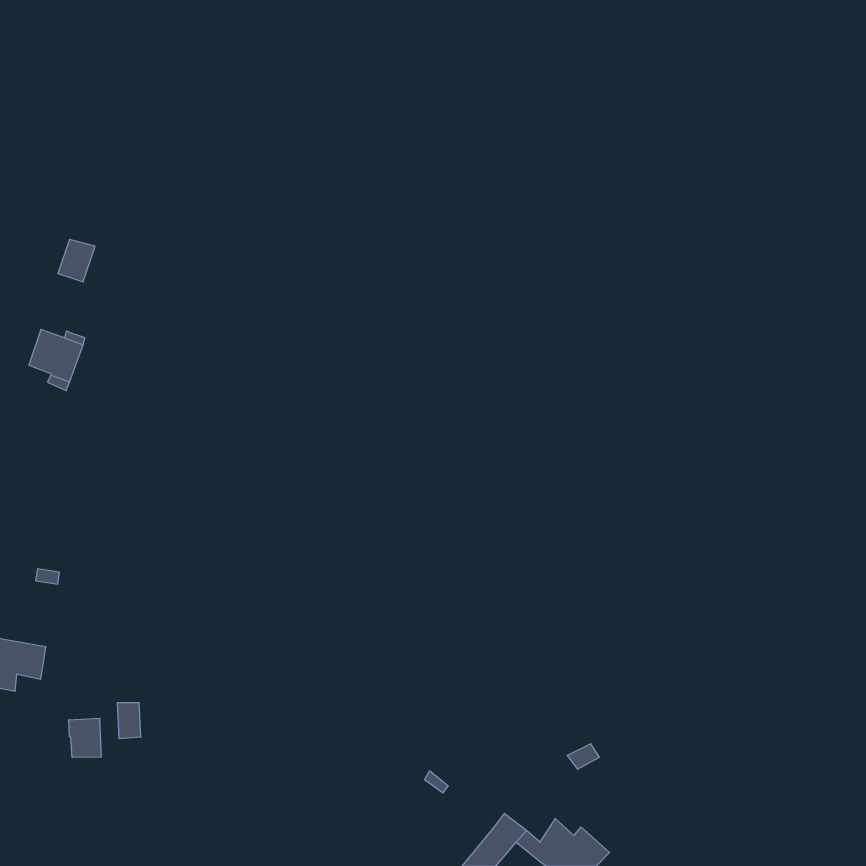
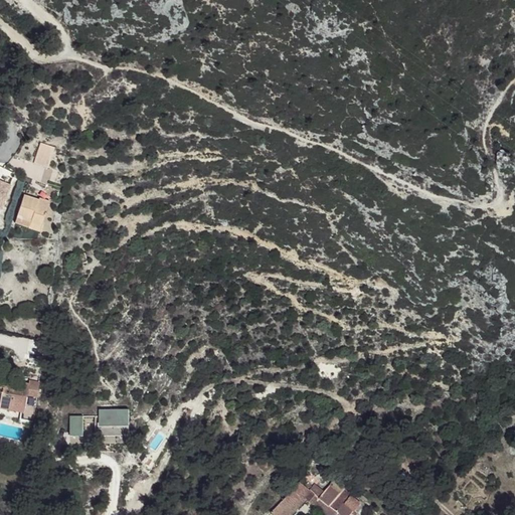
building: none -> [99,410,130,431]
building: [69,718,101,758] -> none

